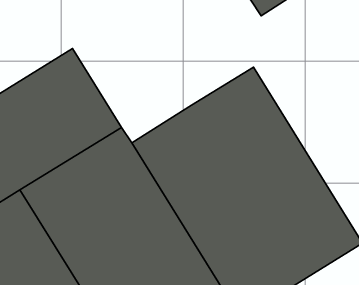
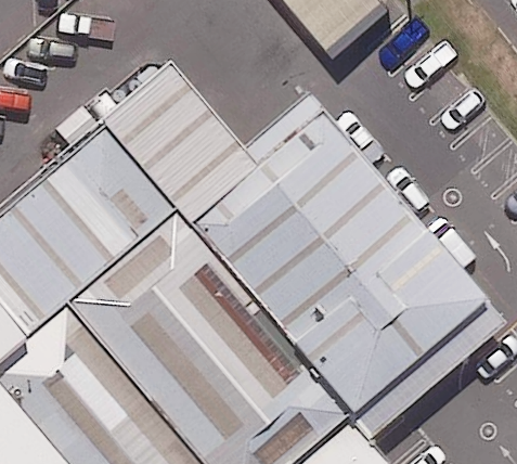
building: none -> [106,68,263,232]

